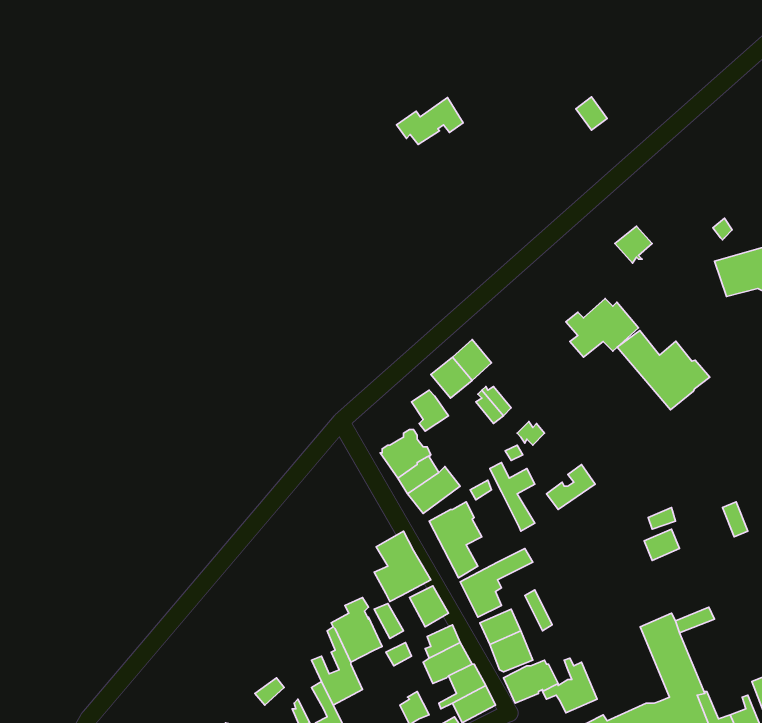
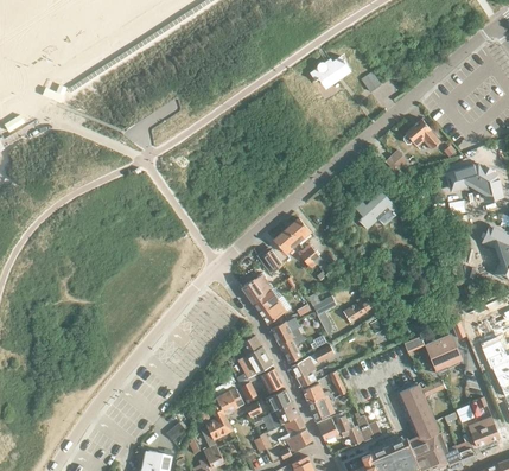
building: [397,97,463,144] -> [310,56,350,84]
building: none -> [403,119,439,149]
building: [617,331,710,410] -> none
building: none -> [427,336,459,368]

